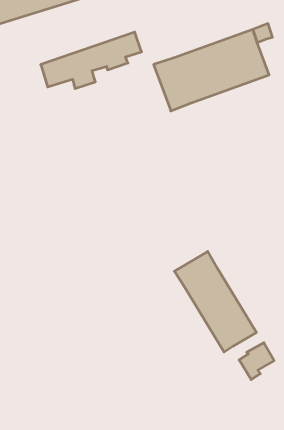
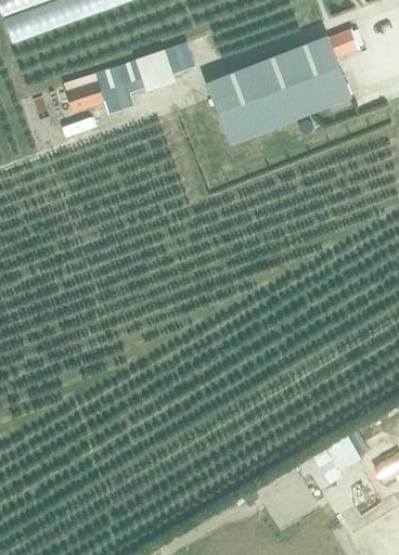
building: [174,251,256,352] -> none

